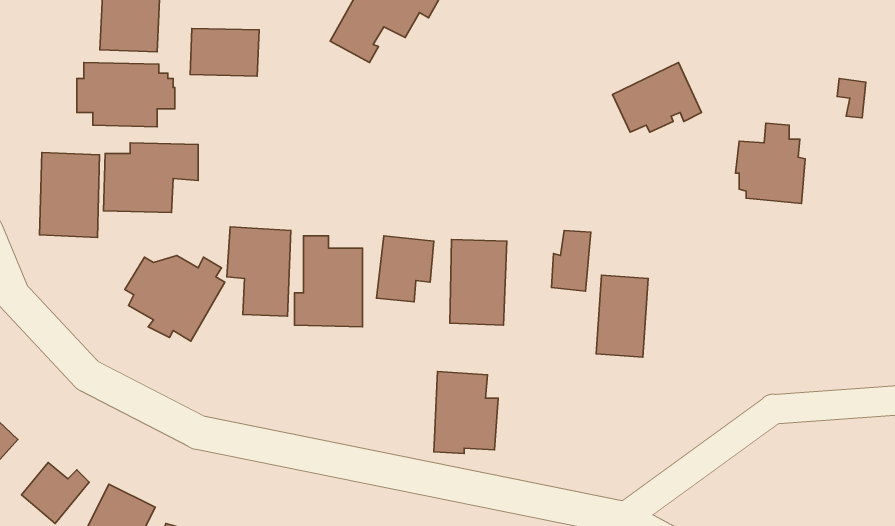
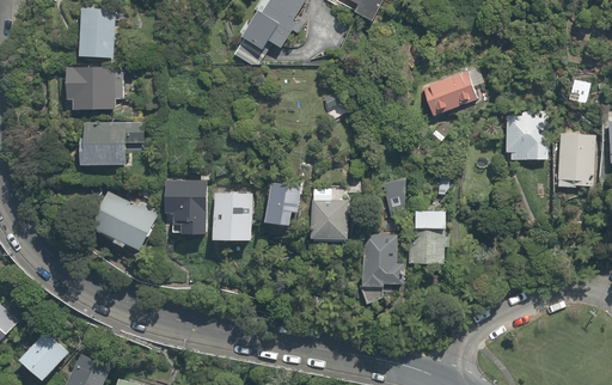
building: [190,28,259,76] -> none
building: none -> [553,127,595,189]
building: [40,152,100,237] -> none
building: [434,371,498,454] -> [361,234,404,289]

